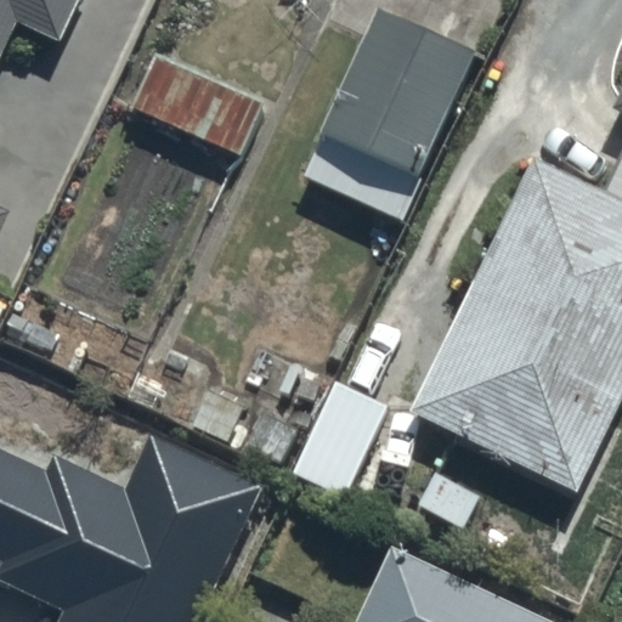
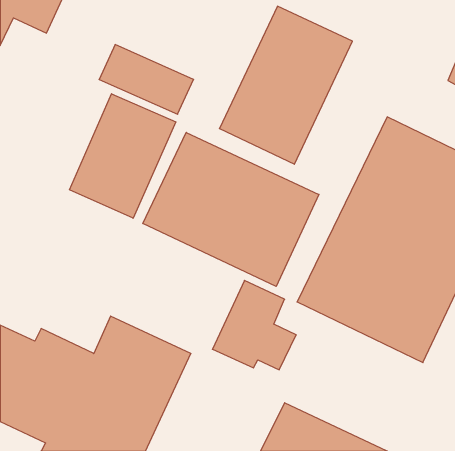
building: none -> [69,94,176,218]
building: none -> [143,132,319,286]

